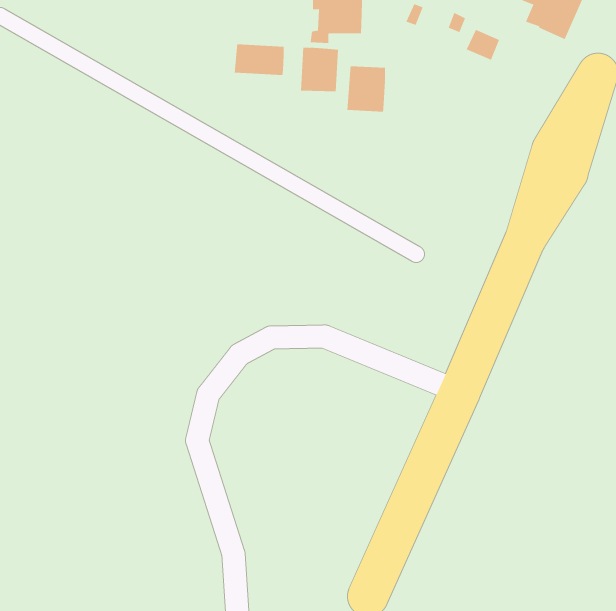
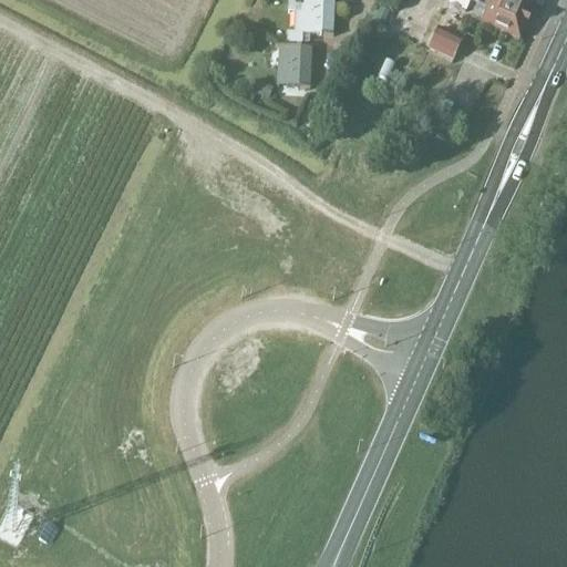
building: [234,43,284,76] -> none
building: [347,65,386,112] -> none

